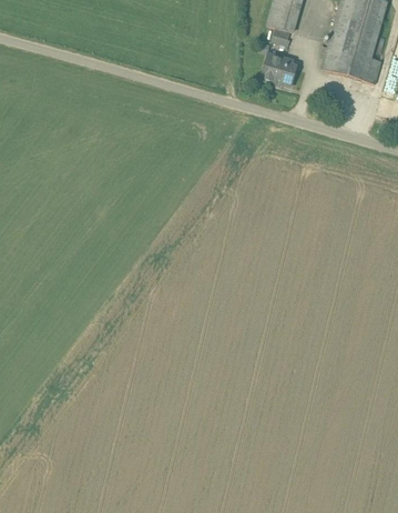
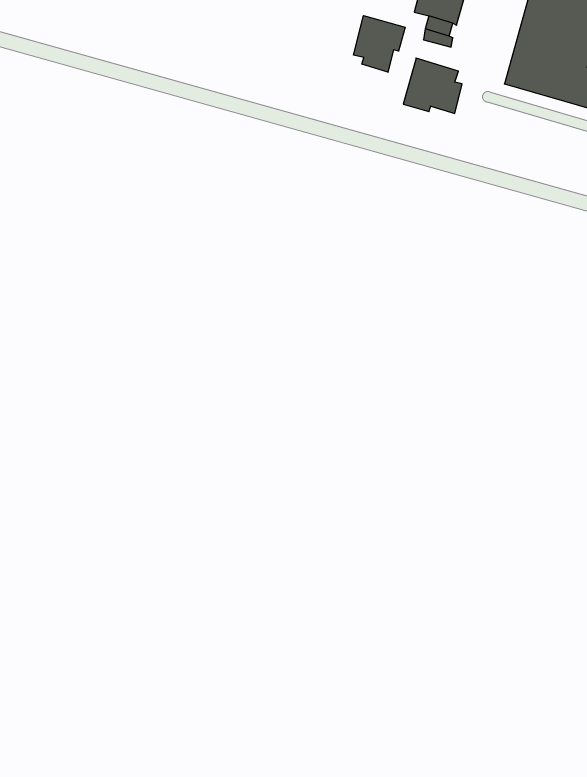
building: none -> [354,16,405,72]

